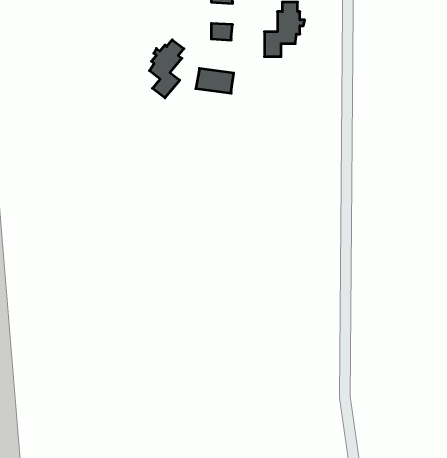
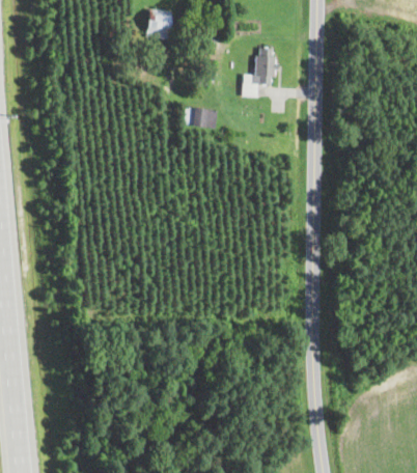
building: [149,40,184,98] -> none

